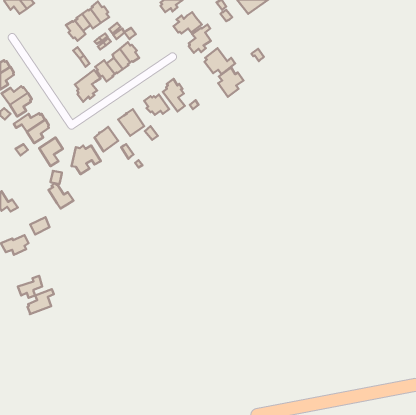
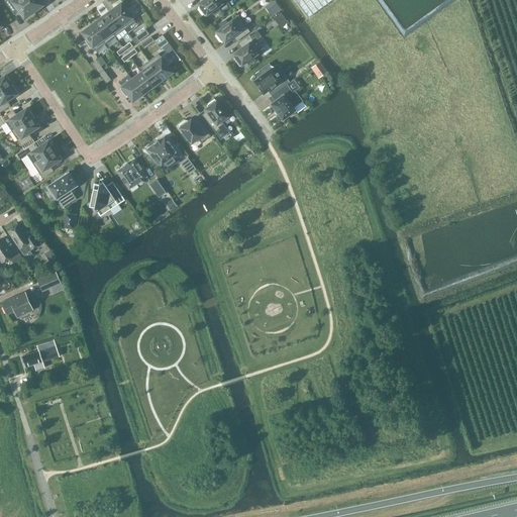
building: [75,70,100,102] -> none
building: [48,183,74,208] -> [8,222,39,253]
building: [27,289,54,314] -> none

